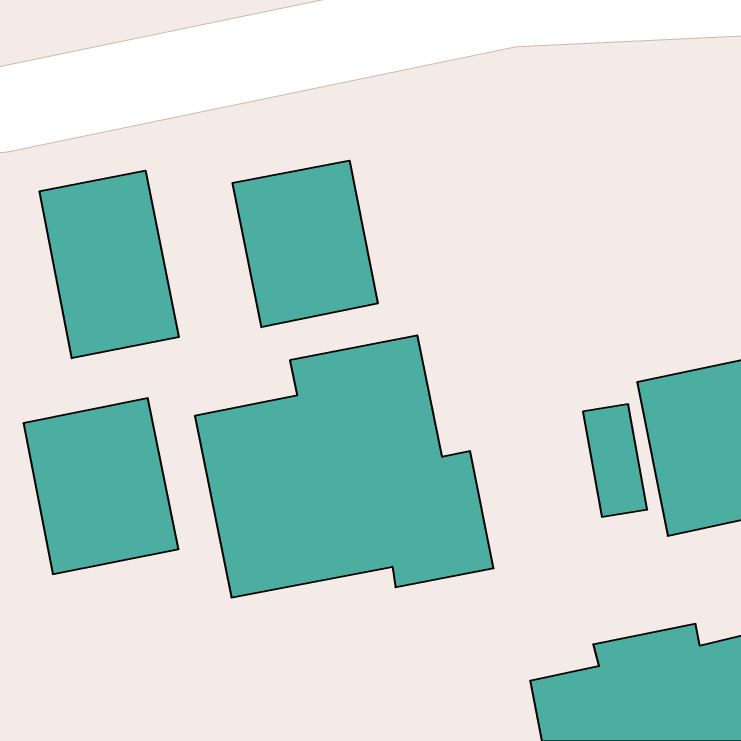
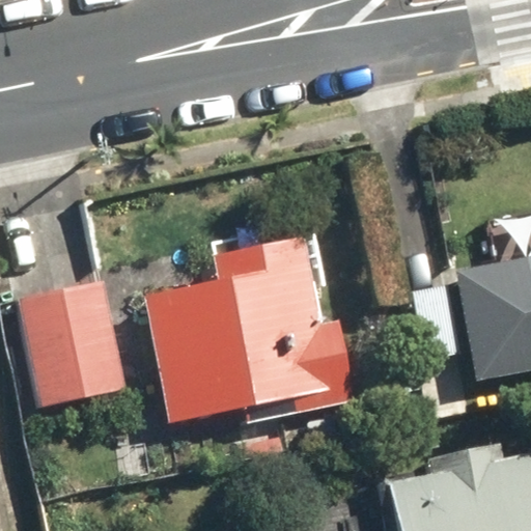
building: [233,161,378,327] -> none
building: [40,171,179,358] -> none

